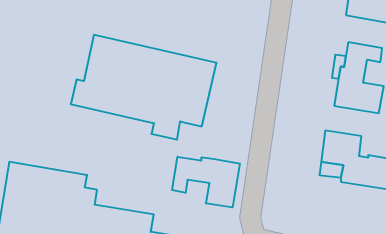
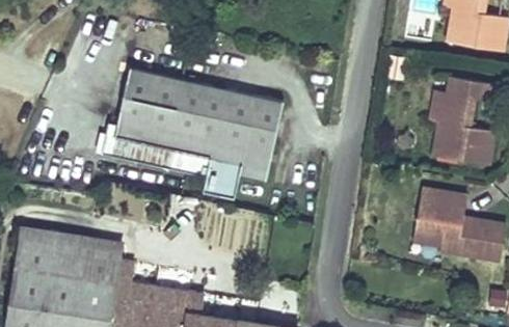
building: [172,157,240,207] -> none

